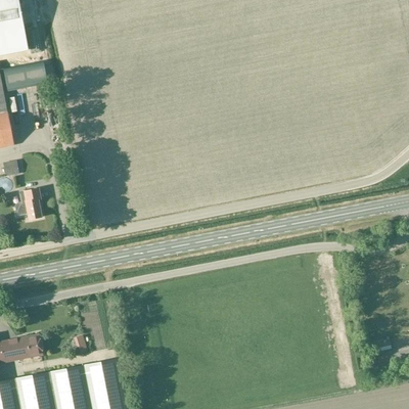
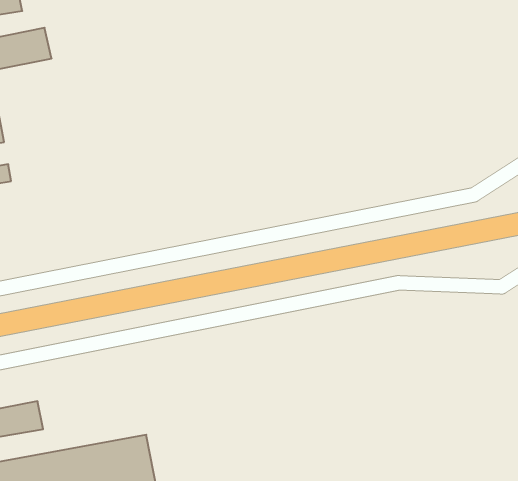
building: [14,188,41,219] -> none

